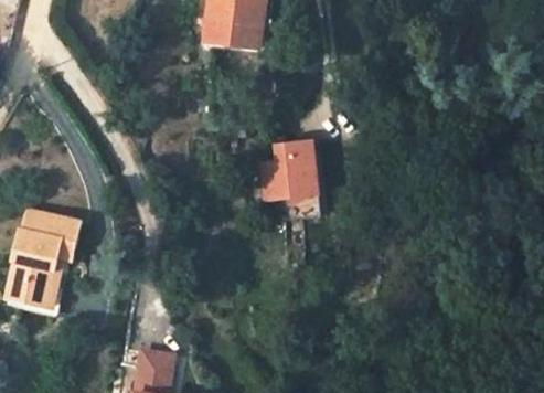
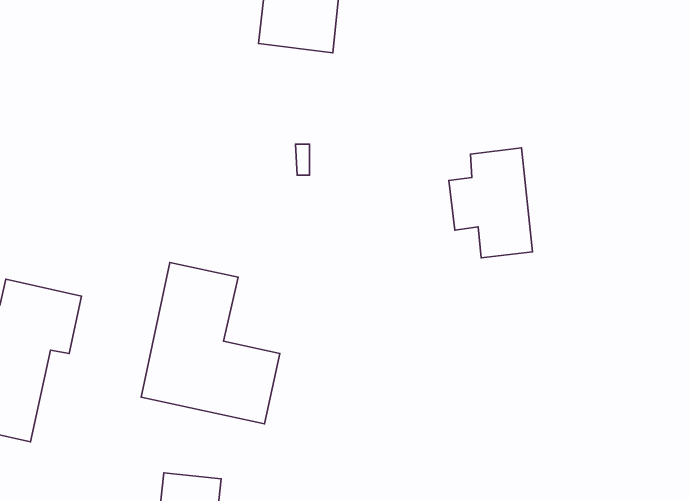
building: [259,142,319,221] -> [449,148,532,258]
building: none -> [141,262,280,424]

